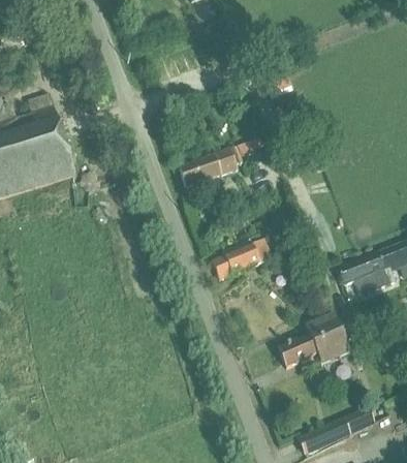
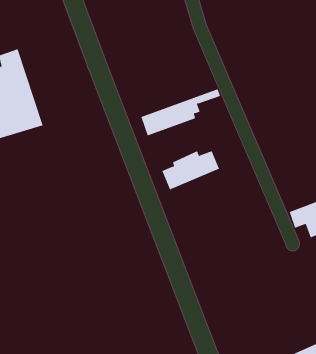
building: [212,238,274,280] -> [162,150,220,190]
building: [278,314,351,368] -> none

